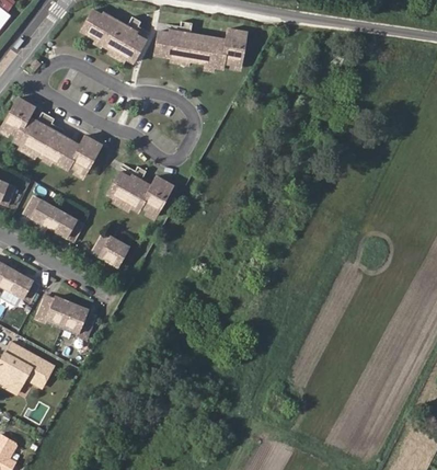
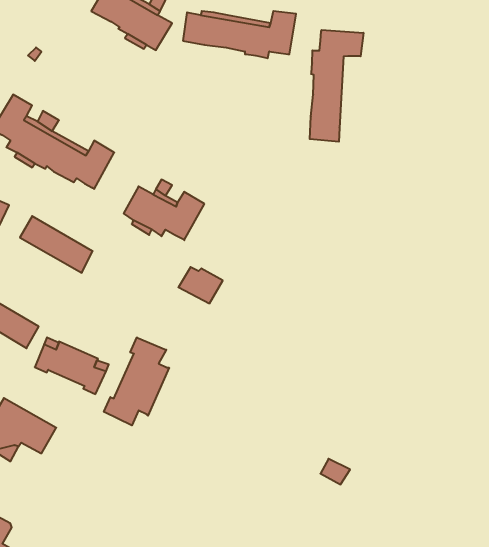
building: none -> [310,30,363,142]
building: [93,236,129,265] -> [178,267,223,303]
building: none -> [104,337,169,425]

